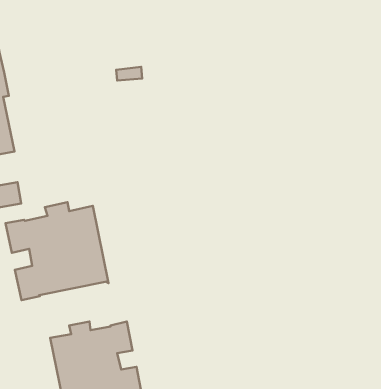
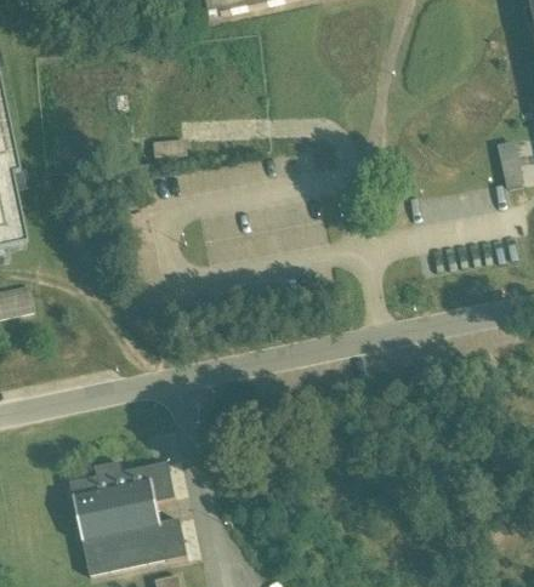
building: [6,202,109,300] -> none

